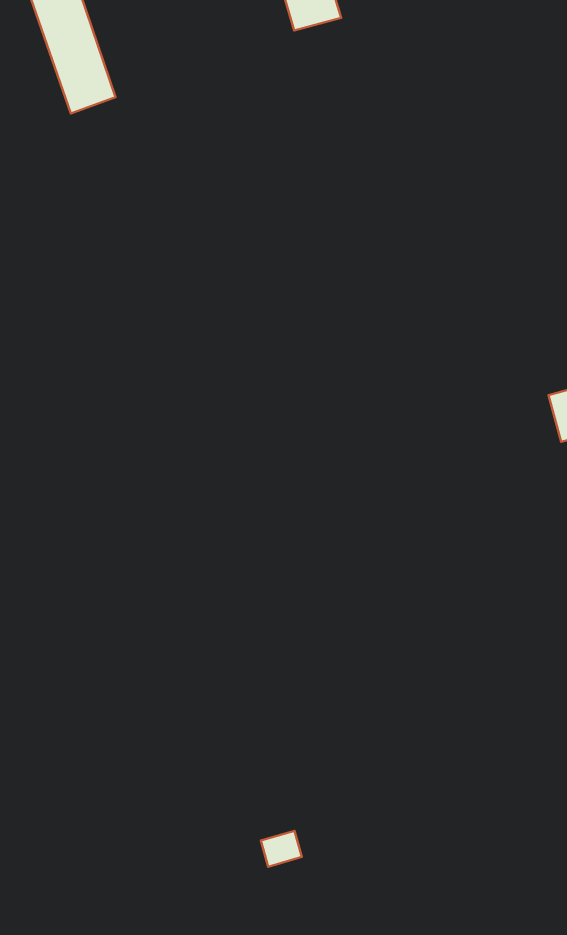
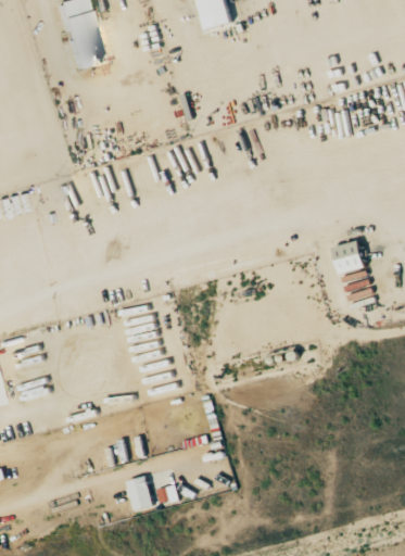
building: none -> [129,476,154,510]

